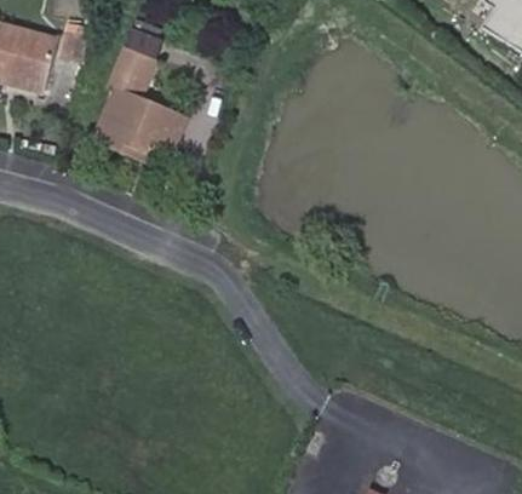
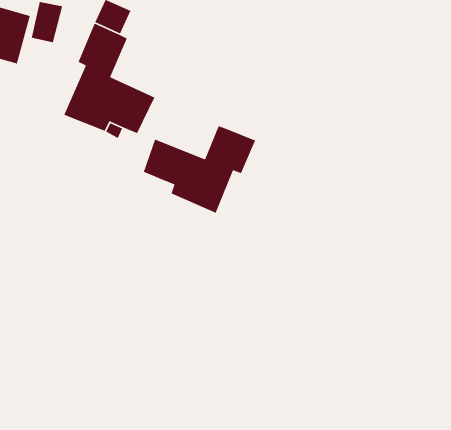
building: none -> [143,125,256,214]

